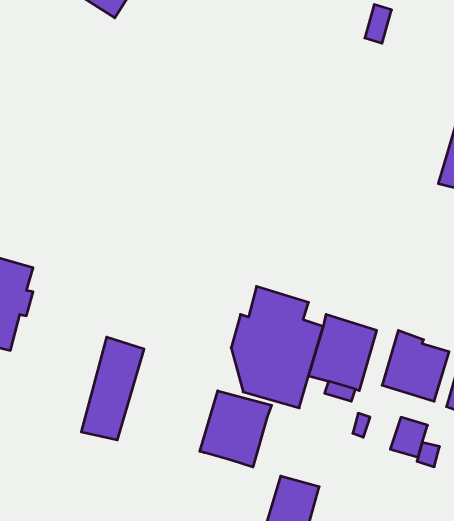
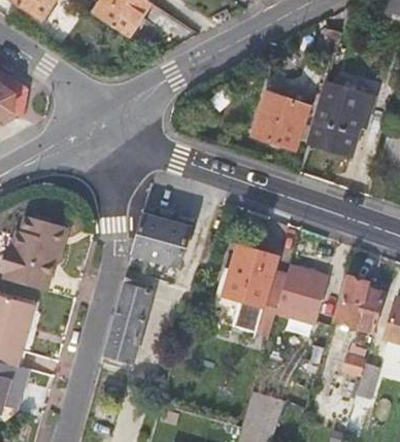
building: none -> [308,83,374,156]
building: none -> [249,91,308,150]
building: none -> [131,213,190,267]
building: [200,391,272,467] -> none

